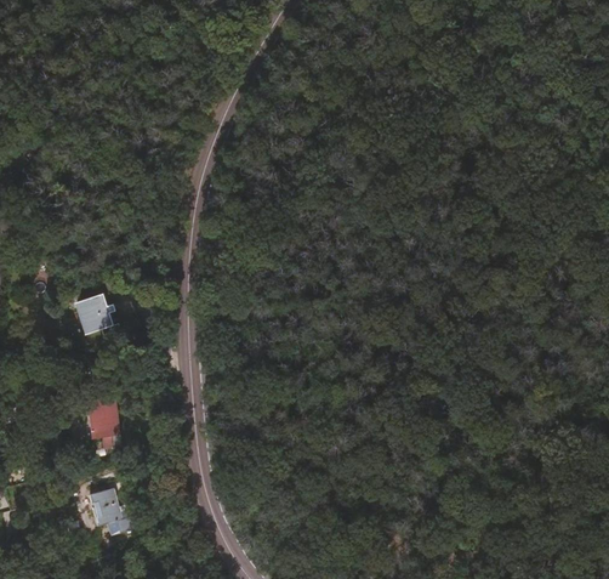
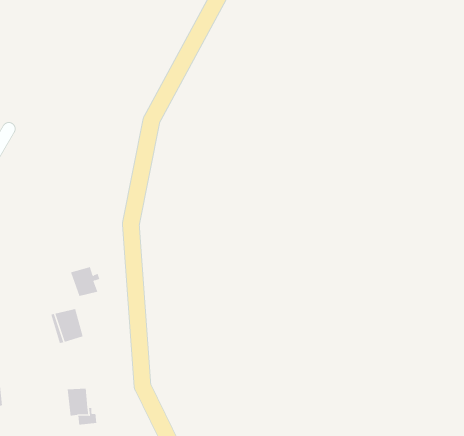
building: [70,297,108,335] -> [70,266,100,297]

